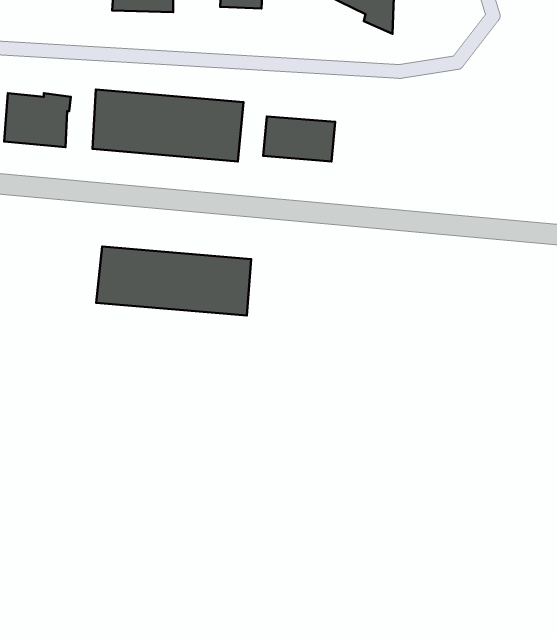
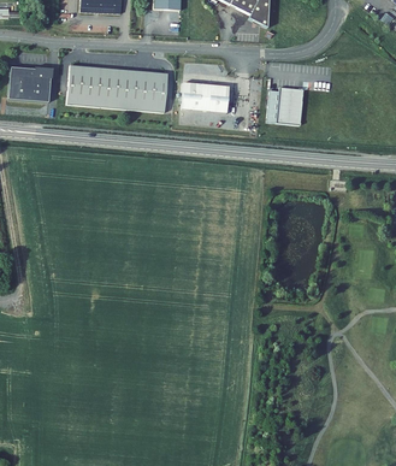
building: none -> [268,87,305,124]
building: [96,247,251,316] -> none

